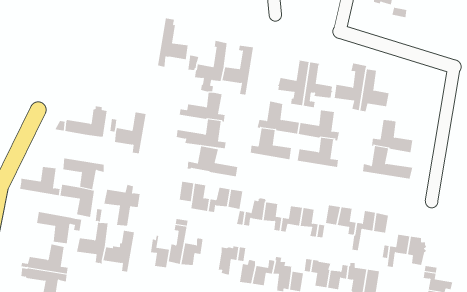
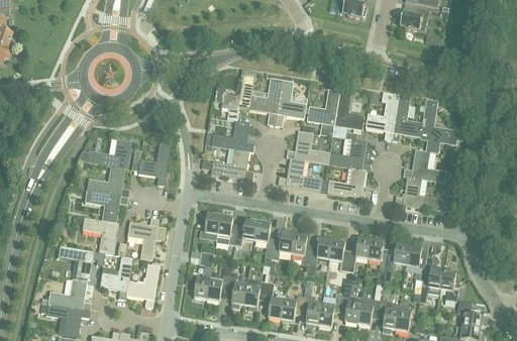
building: [157,18,189,68] -> [274,75,306,126]
building: none -> [419,99,458,152]
building: [187,145,238,177] -> none
building: [19,166,61,196] -> [85,165,128,196]
building: [150,235,170,268] -> [227,270,247,305]

